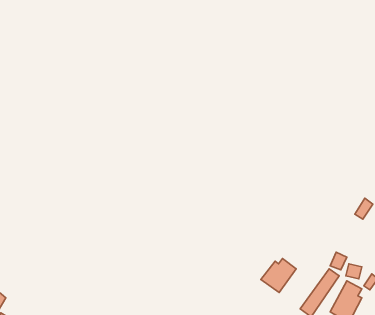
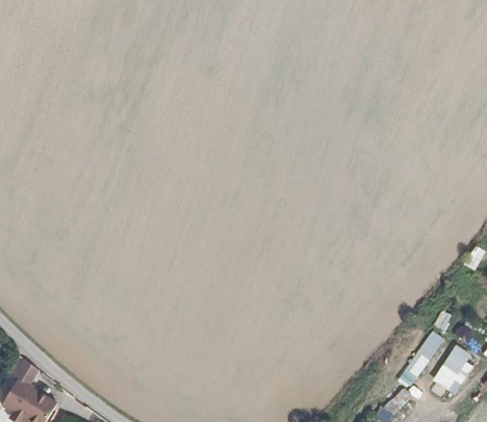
building: [261,258,296,292] -> none

